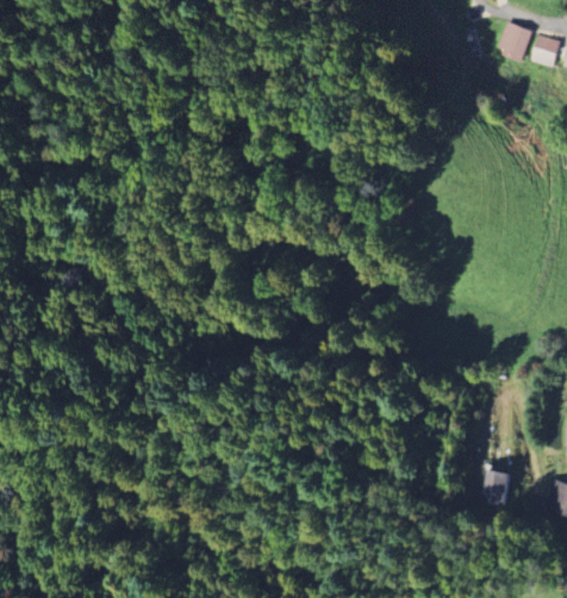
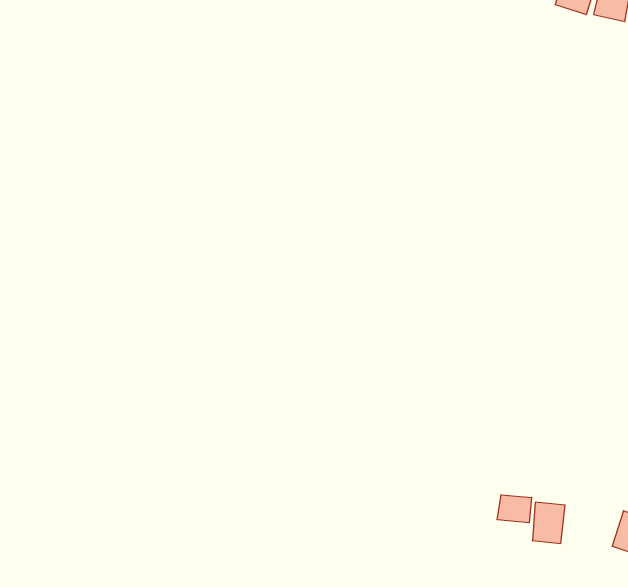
building: none -> [497,495,532,523]

